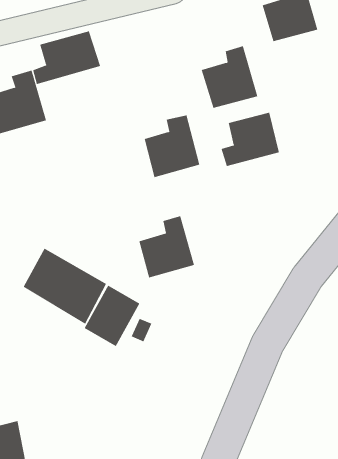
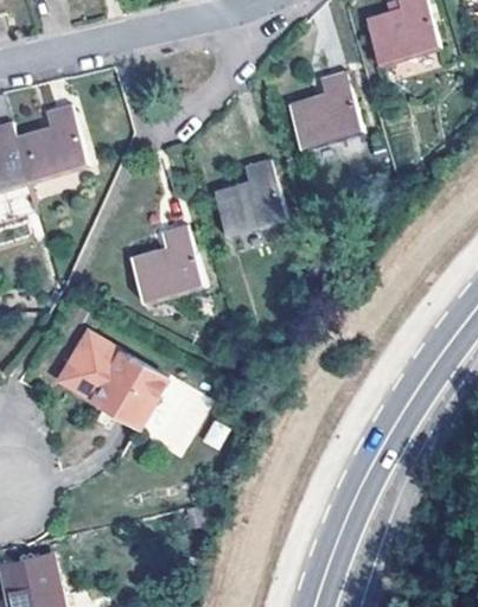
building: [32,30,101,85] -> none
building: [221,112,280,167] -> none
building: [138,215,195,278] -> [130,224,203,305]

